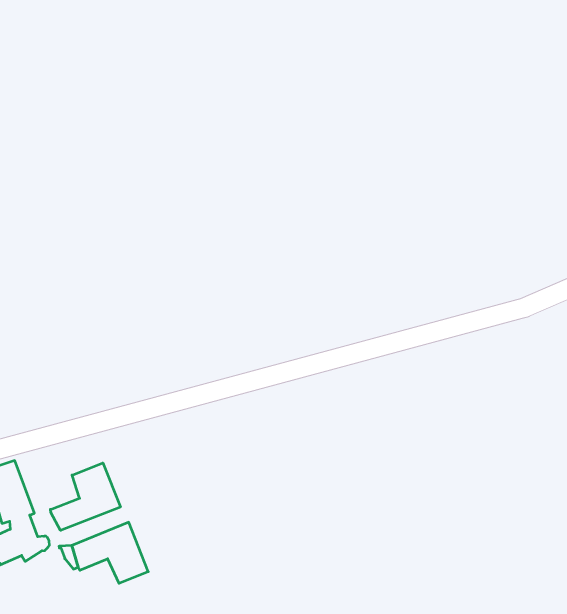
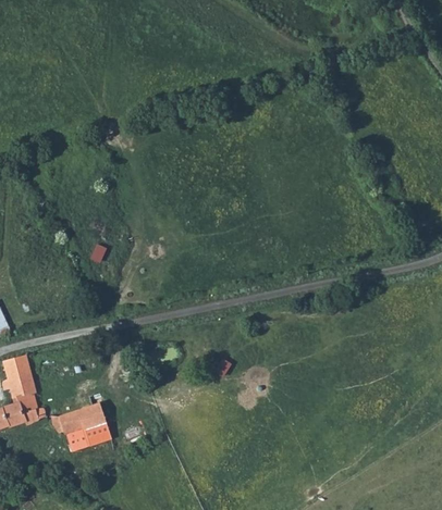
building: [50,463,120,530] -> none

